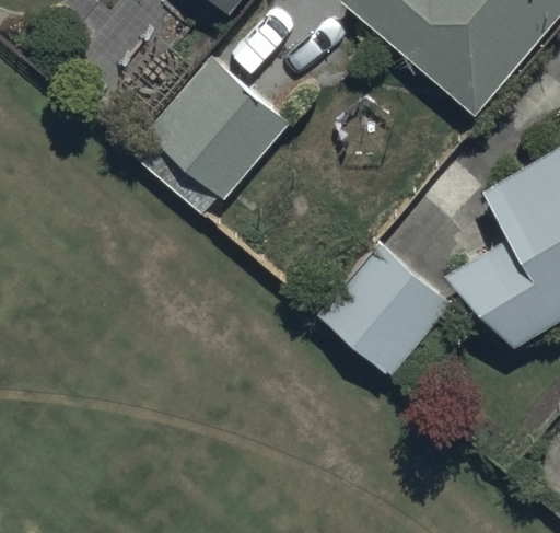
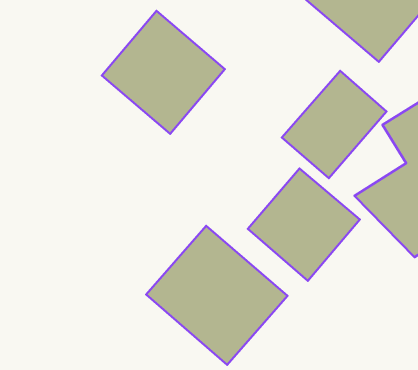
building: none -> [282,71,386,178]
building: none -> [146,226,287,365]

